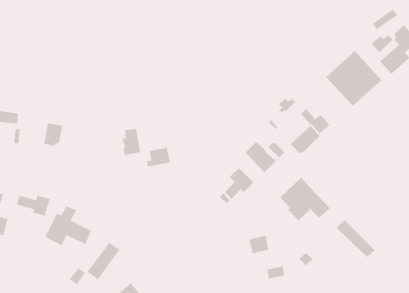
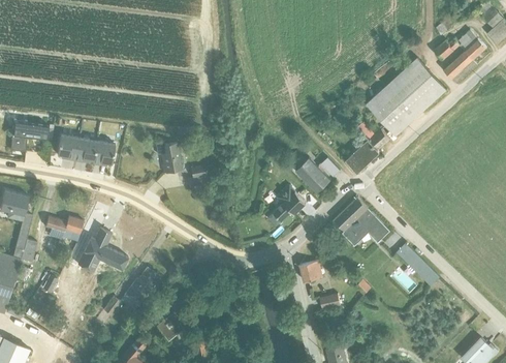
building: none -> [366,87,414,137]
building: none -> [56,133,78,160]
building: none -> [92,140,115,167]

